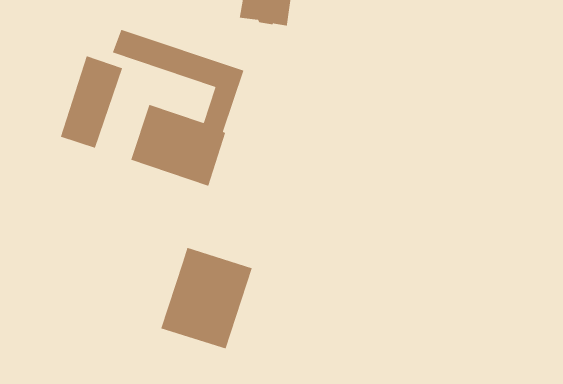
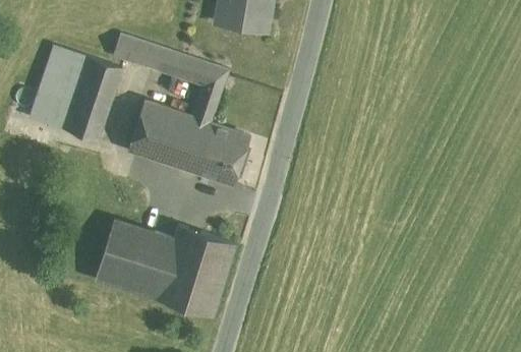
building: none -> [28,45,89,129]
building: none -> [196,125,249,185]
building: none -> [95,221,173,298]

